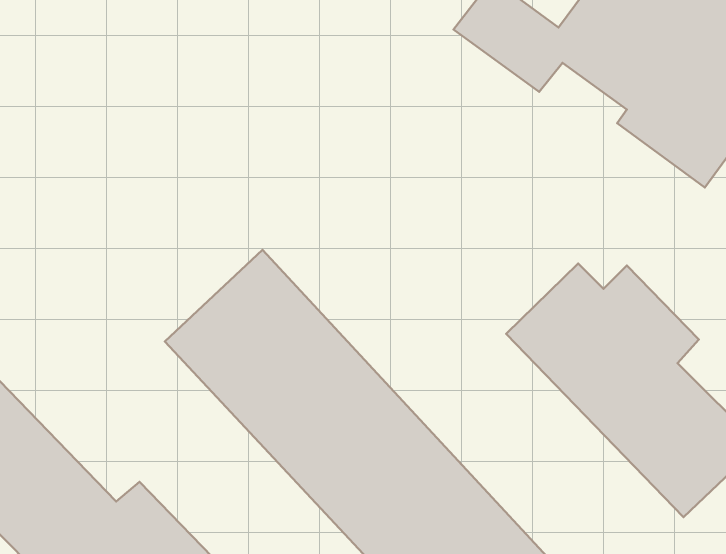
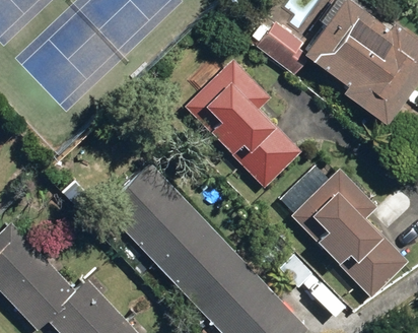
building: none -> [184,58,303,190]

